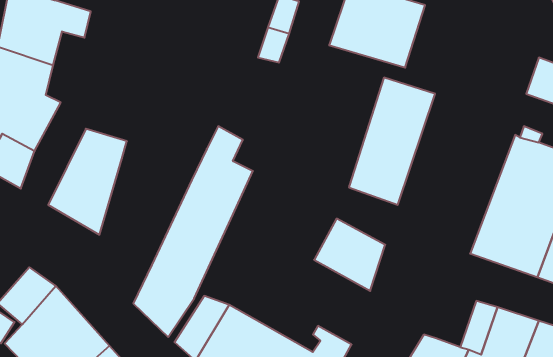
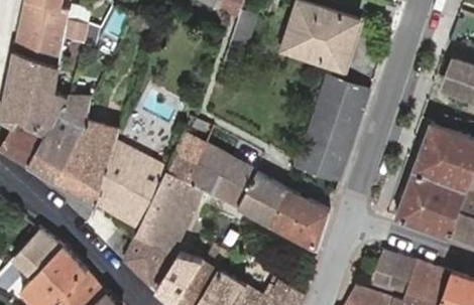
building: none -> [32,98,89,180]
building: none -> [204,141,287,224]
building: none -> [96,143,170,228]
building: none -> [368,252,400,295]

